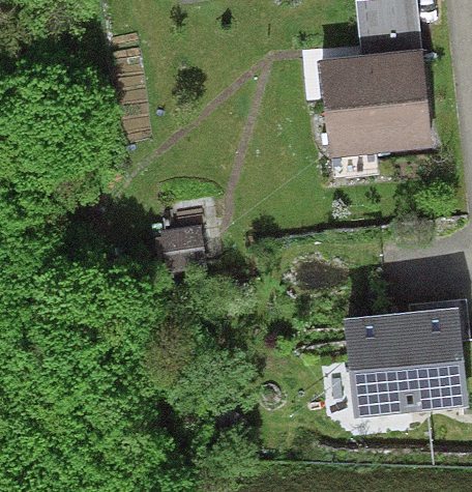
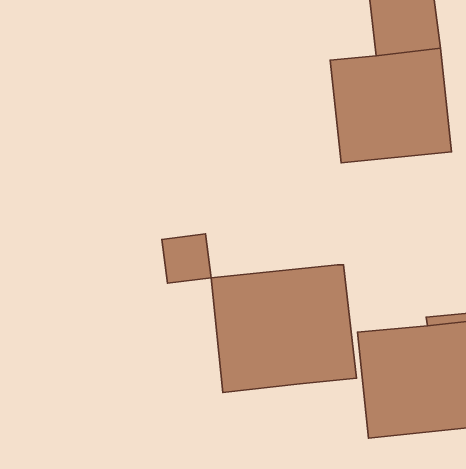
building: none -> [211,265,356,393]

